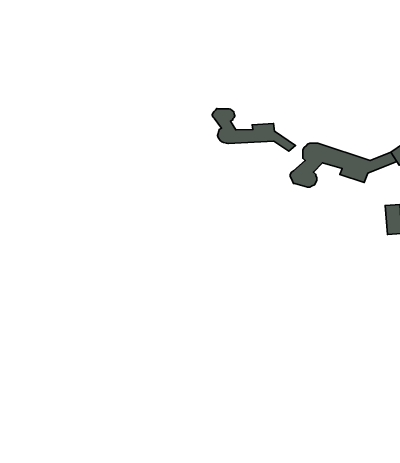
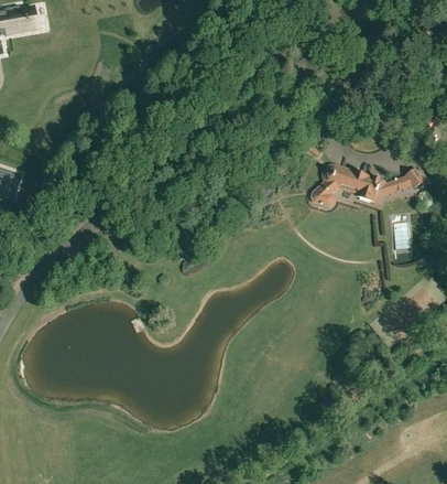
building: [212,109,295,151] -> none

